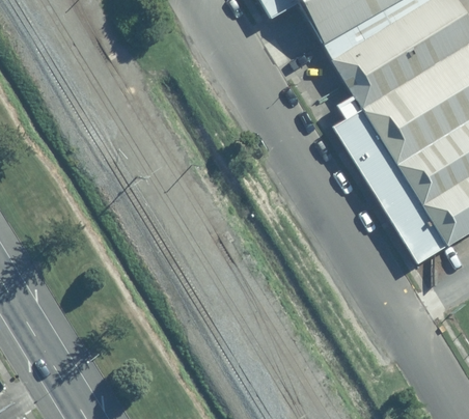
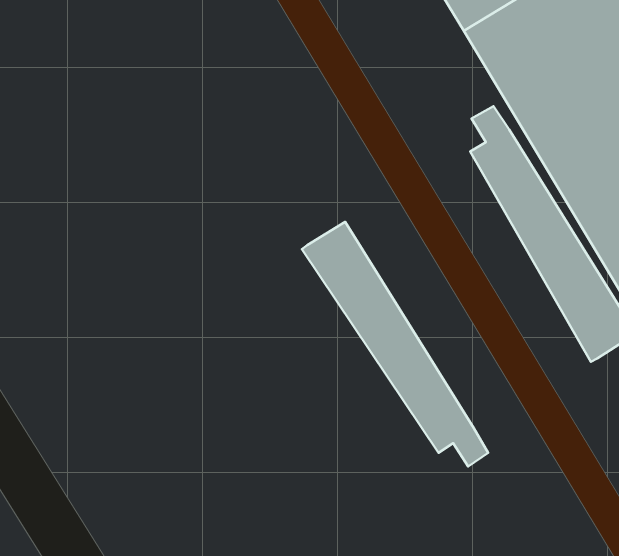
building: none -> [302,222,488,467]

